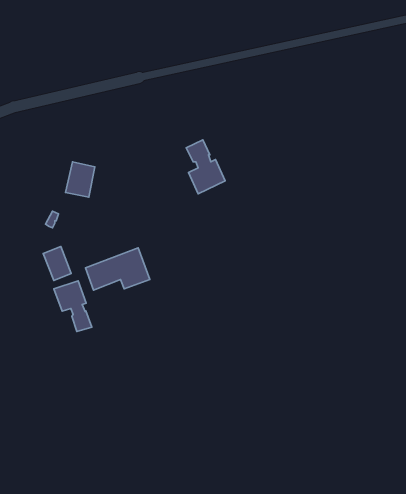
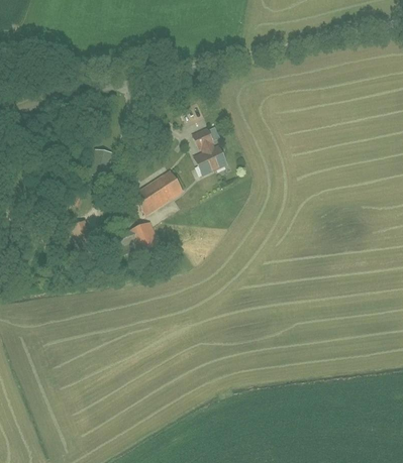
building: none -> [133,169,184,213]
building: [54,281,92,332] -> none

